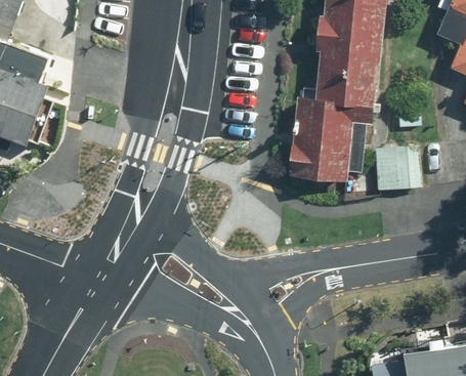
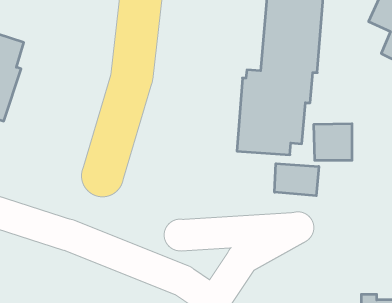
building: none -> [275,164,319,196]

